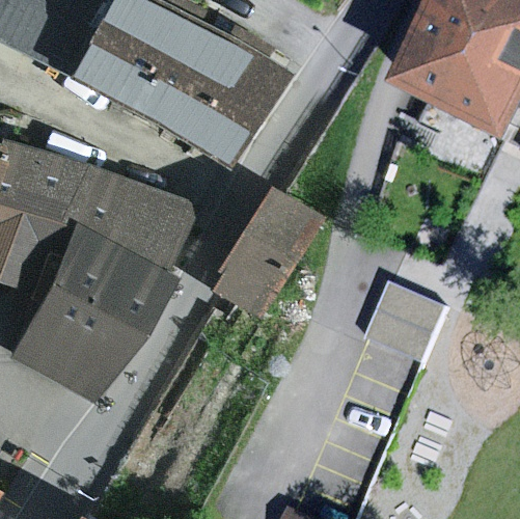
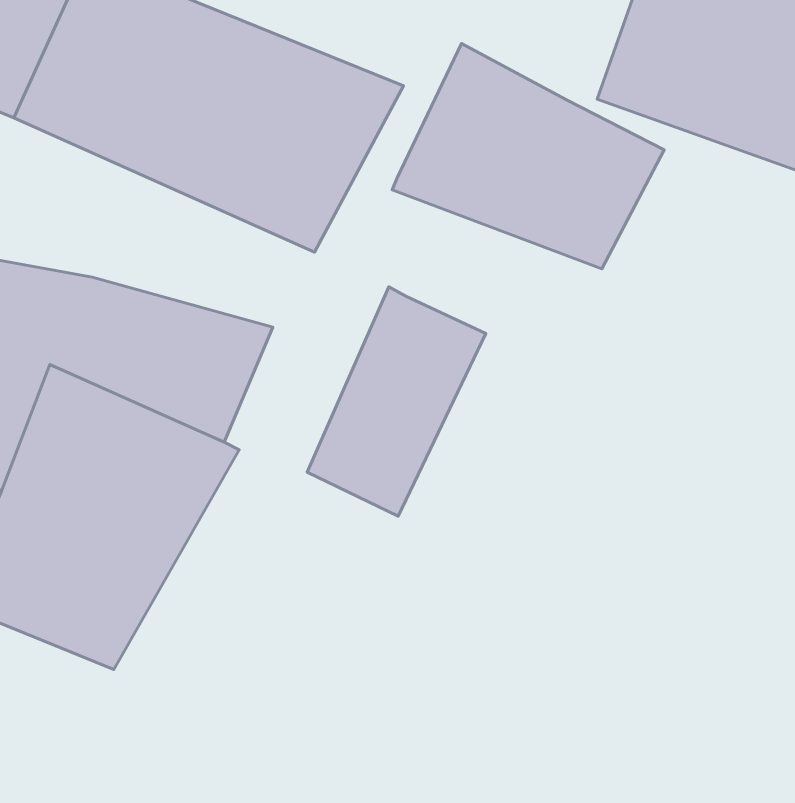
building: none -> [392,43,664,269]
building: [368,284,450,363] -> none

